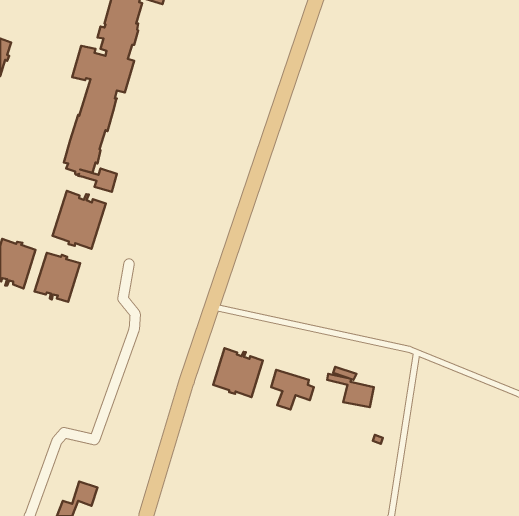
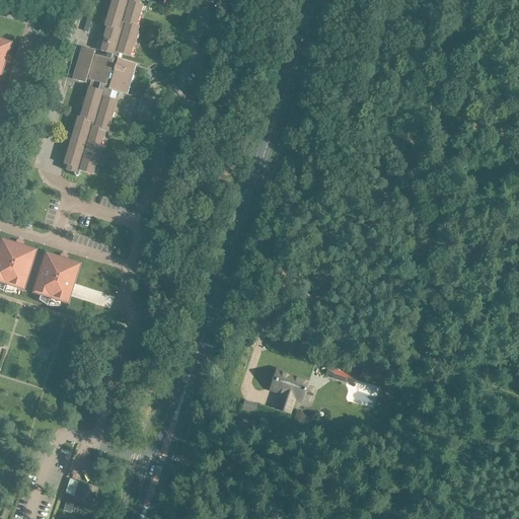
building: [53,191,106,249] -> none
building: [213,348,263,397] -> none

